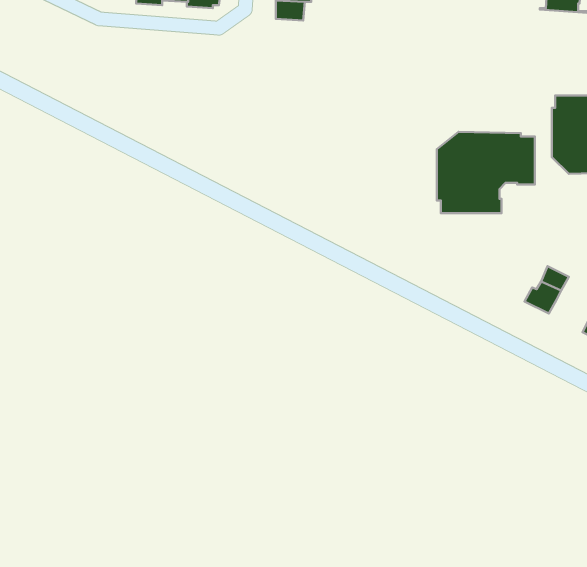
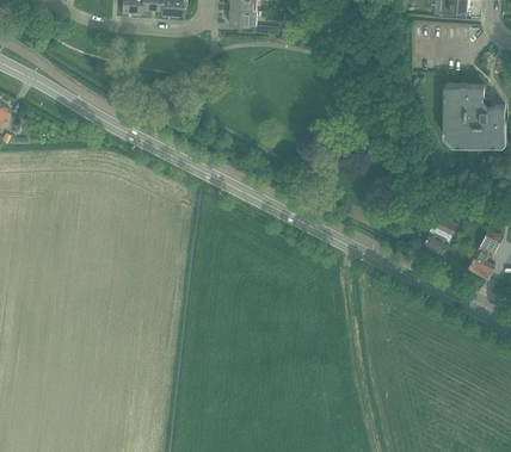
building: [437,132,535,213] -> none

